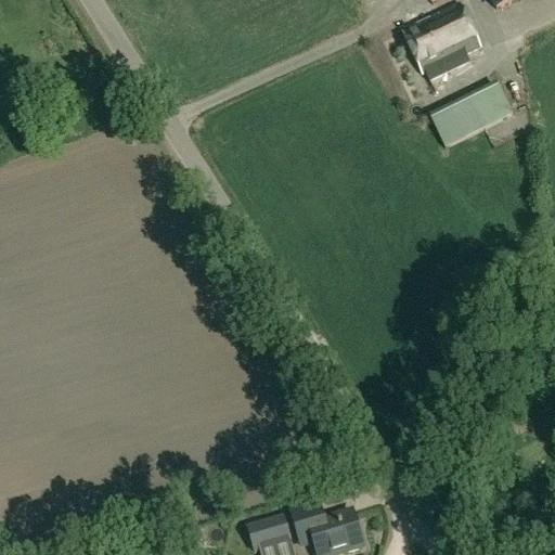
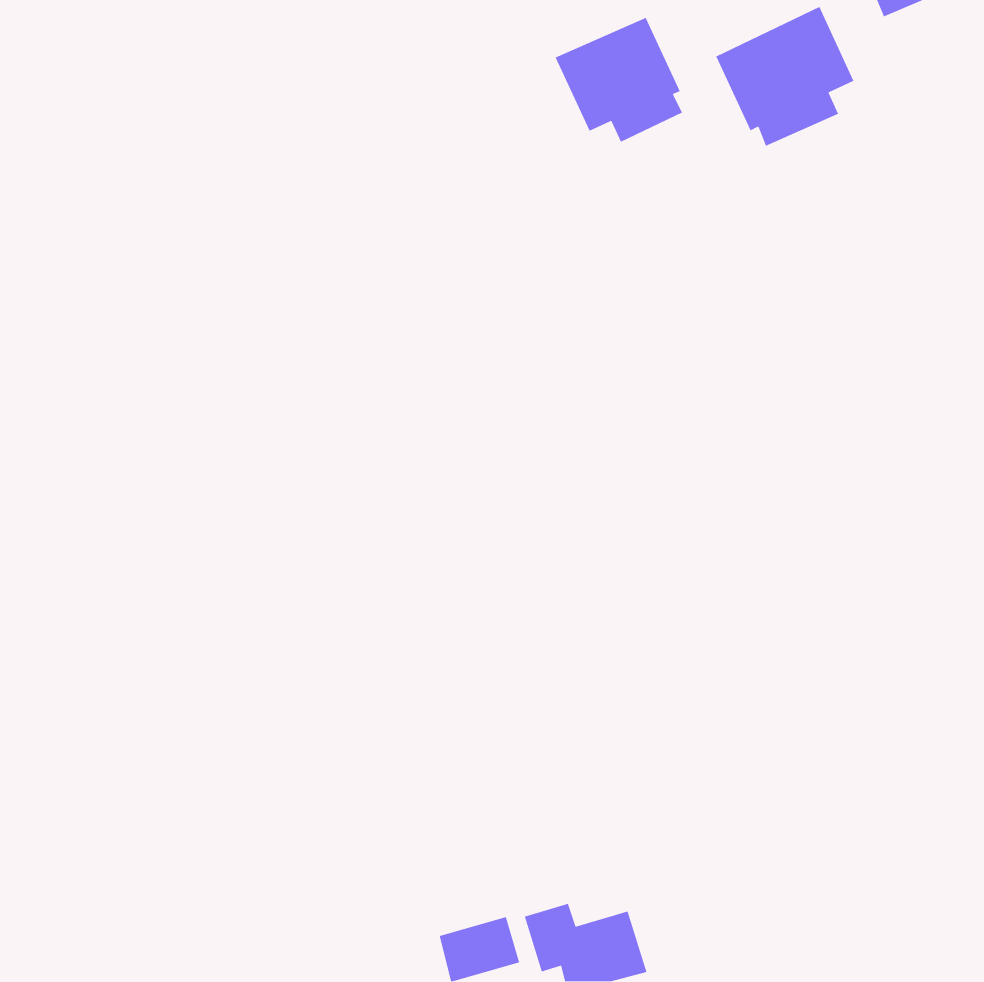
building: none -> [555,17,683,143]
building: [429,82,513,150] -> none

